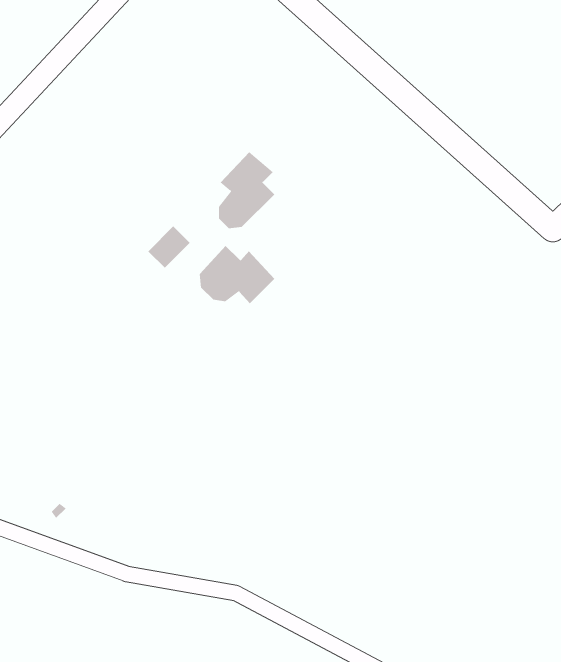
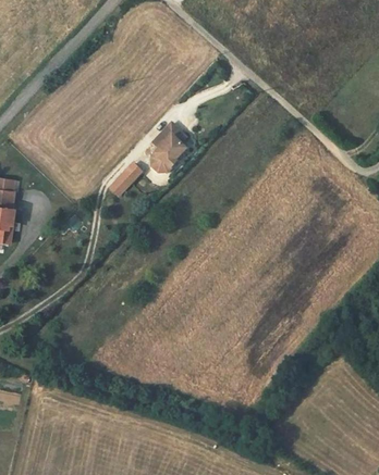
building: [199,245,275,304] -> none

